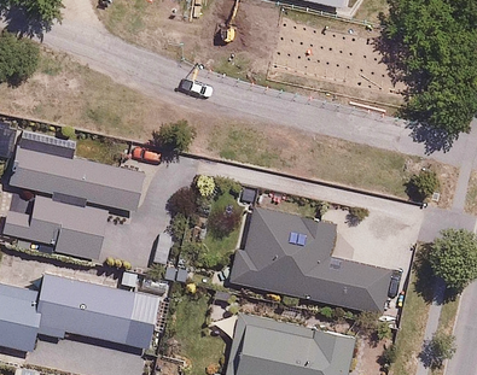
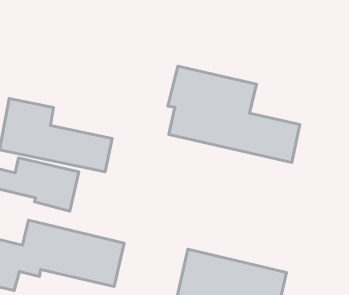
building: [233,200,391,316] -> [168,66,300,163]

